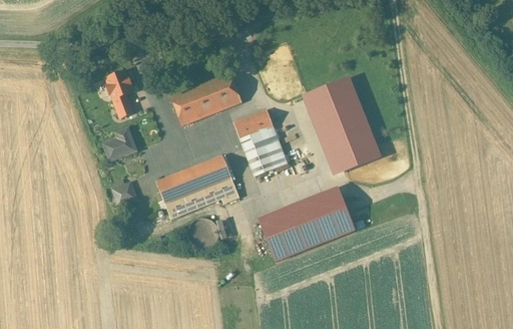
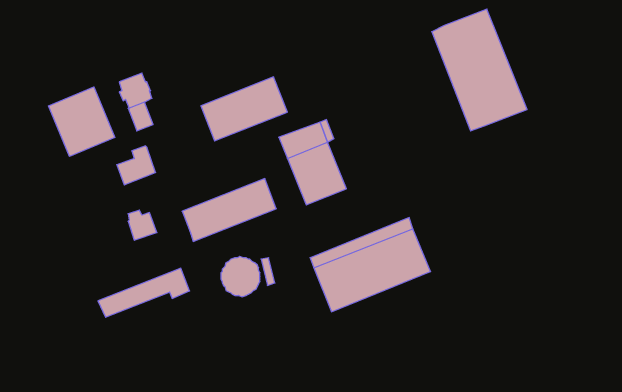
building: [303,77,379,175] -> [432,9,527,131]
building: none -> [49,87,115,156]
building: [165,179,238,218] -> [98,268,190,317]

